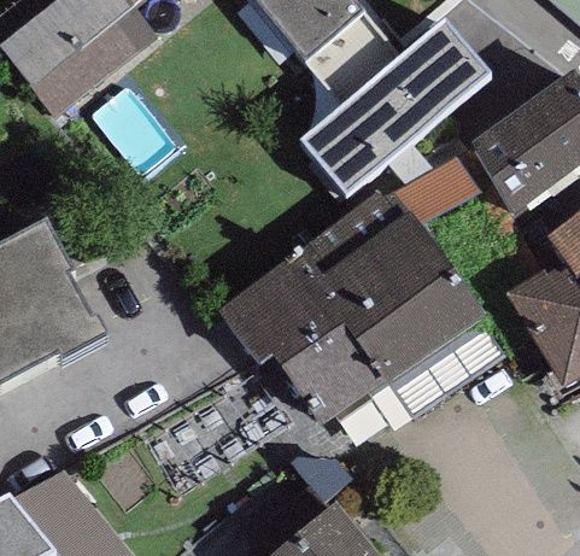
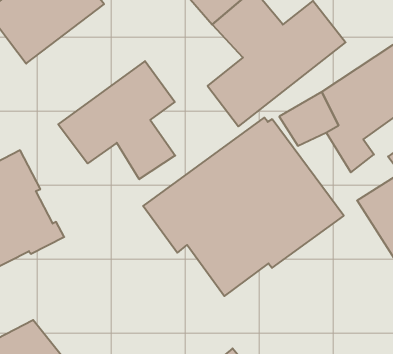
building: none -> [58,61,175,179]

